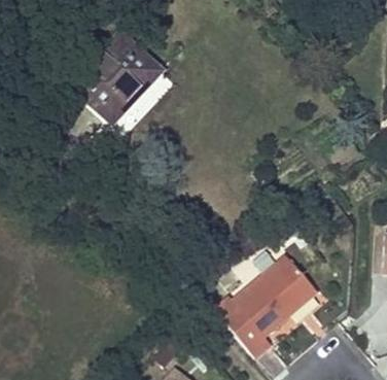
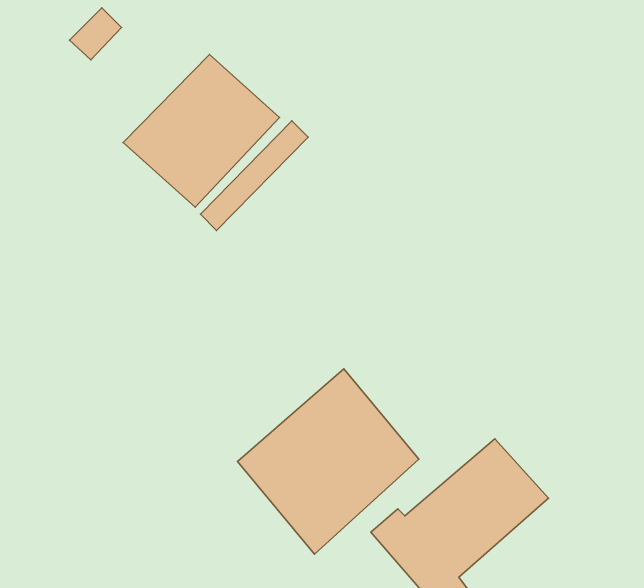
building: none -> [237,369,419,554]

